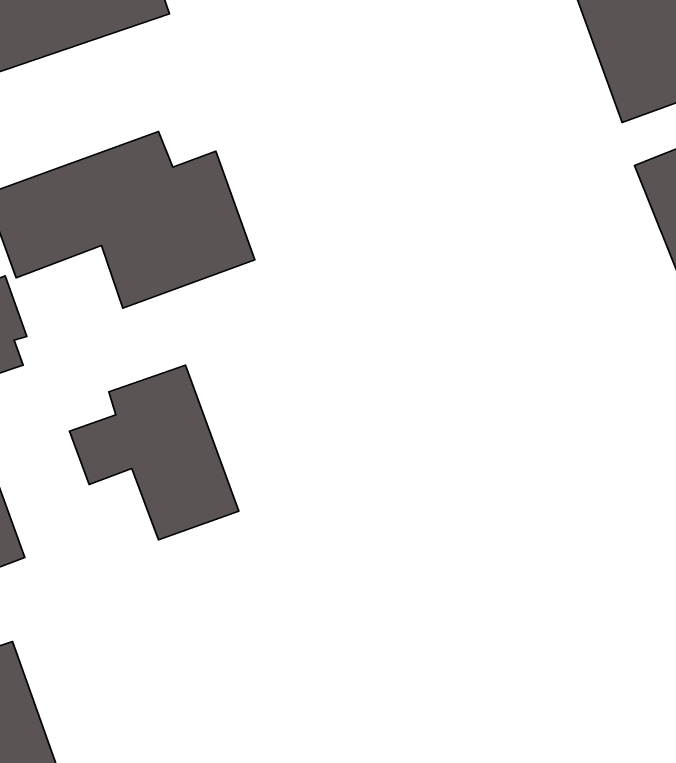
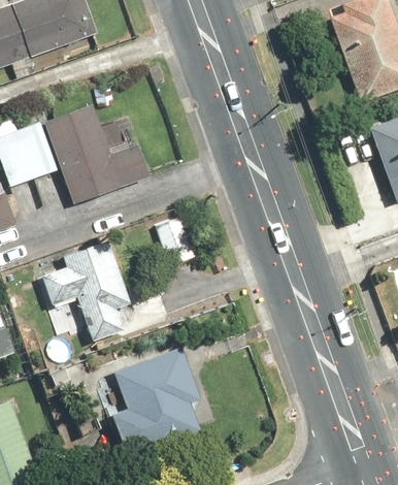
building: none -> [114,348,205,460]

